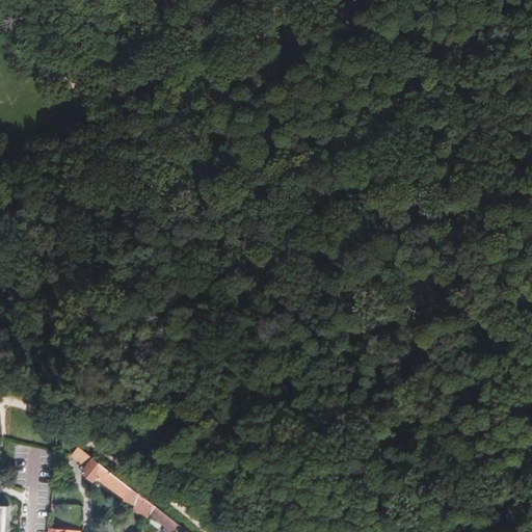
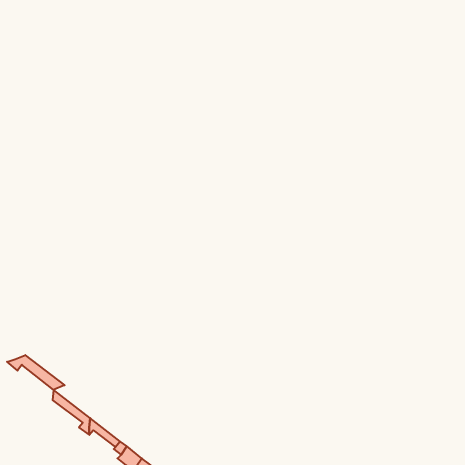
building: none -> [7,355,65,390]

